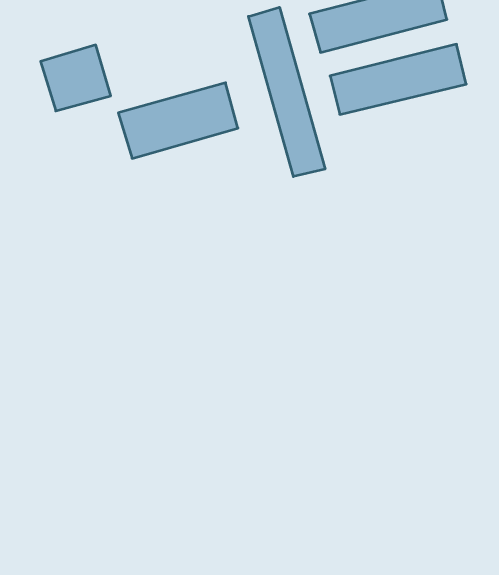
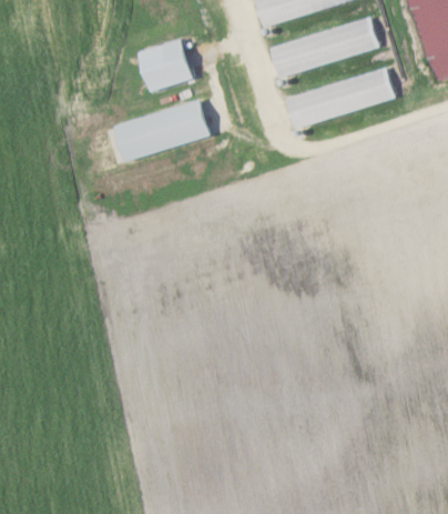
building: [248,7,325,177] -> none
building: [41,45,111,111] -> [136,38,193,91]

